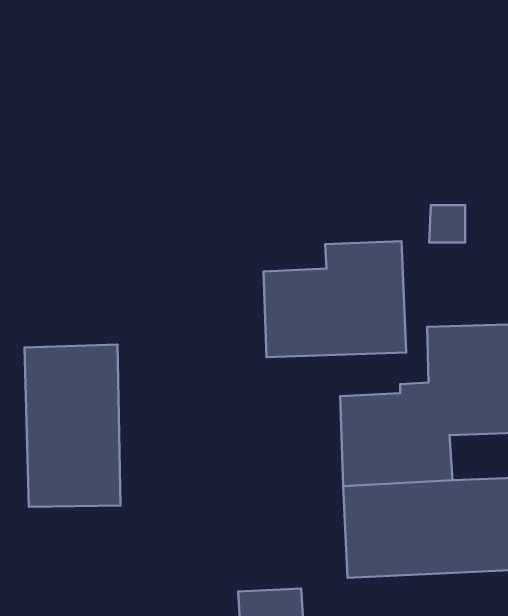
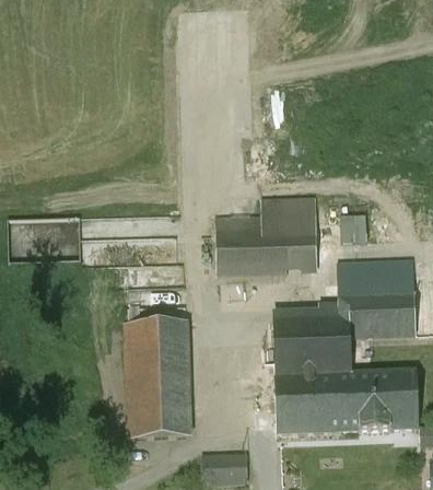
building: [429,205,465,243] -> [343,213,370,241]
building: [24,345,120,507] -> [122,322,192,440]

